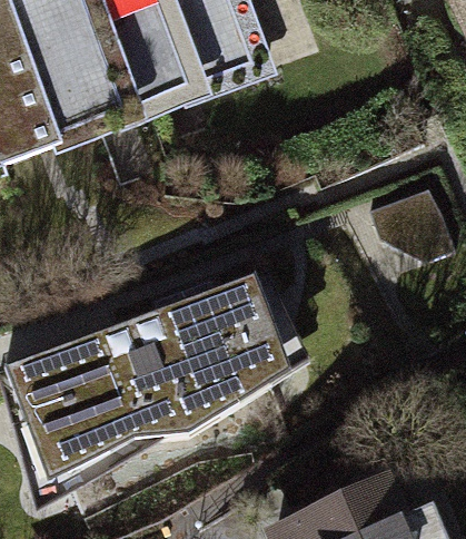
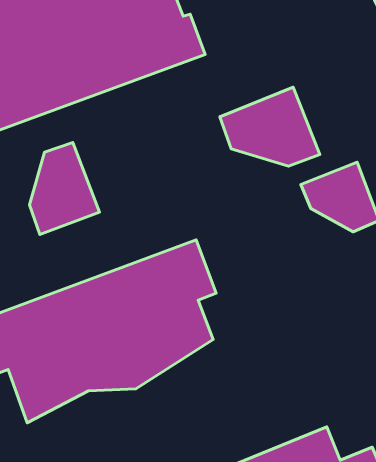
building: none -> [220,87,320,166]
building: none -> [29,142,100,235]

